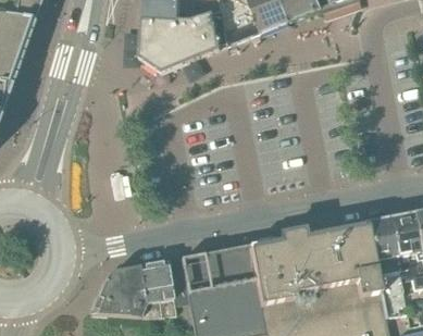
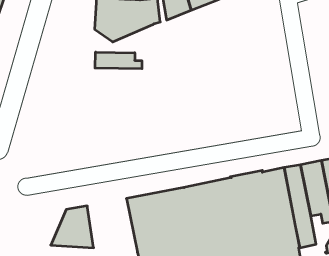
building: none -> [95,52,142,69]
building: [133,260,176,316] -> none

